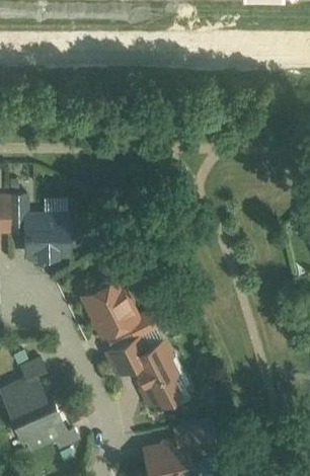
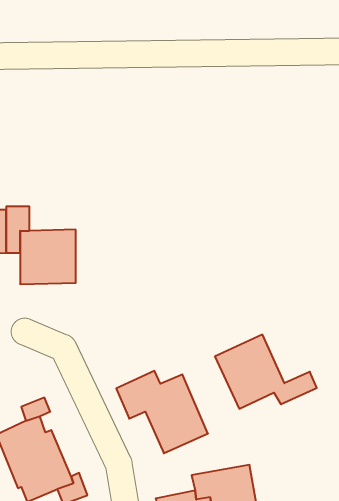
building: [79,276,168,341] -> [215,335,317,409]

